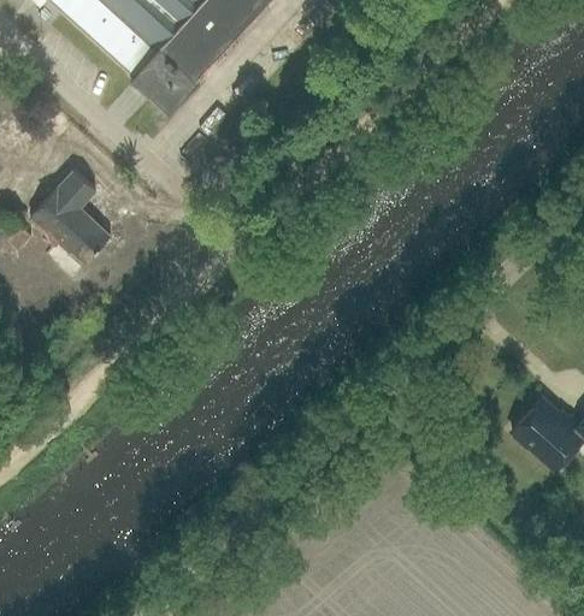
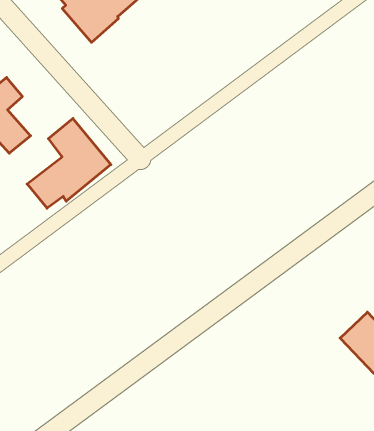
building: none -> [27,118,111,208]

